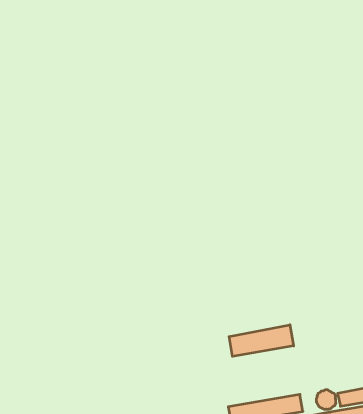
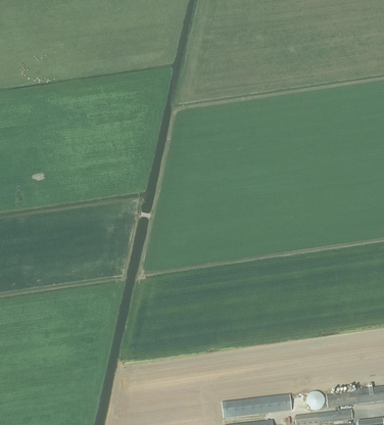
building: [229,325,294,356] -> none

